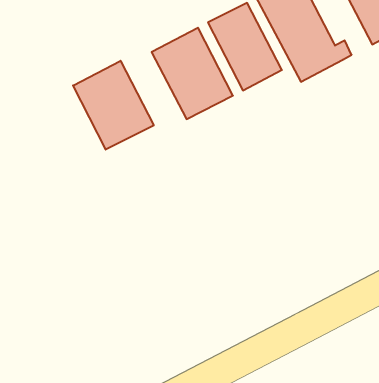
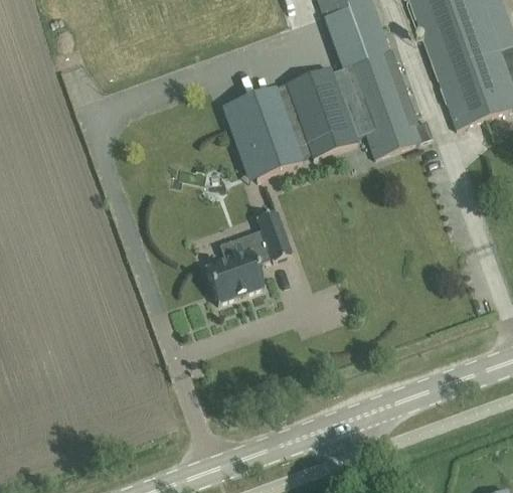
building: [73,61,154,150] -> none
building: none -> [206,208,293,301]

